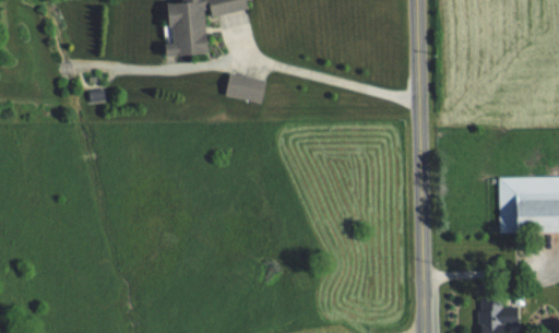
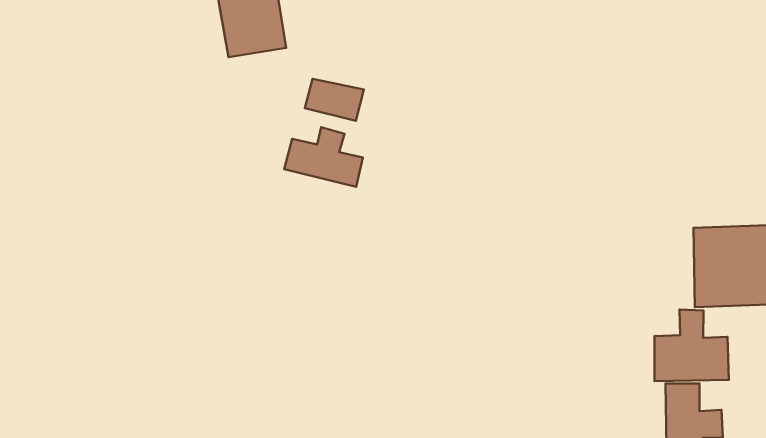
building: none -> [284,127,363,187]
building: none -> [655,310,729,381]

